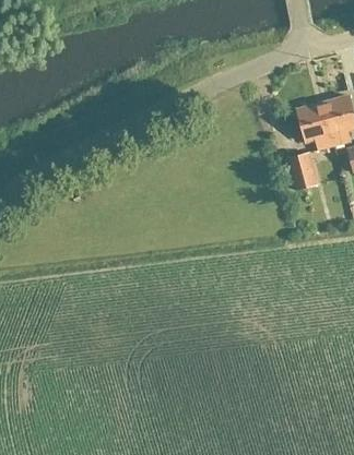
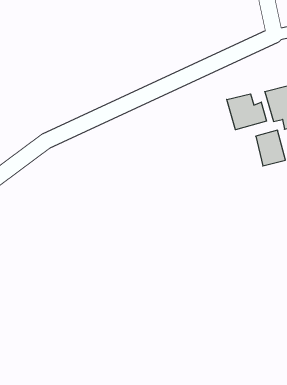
building: none -> [227,94,267,130]

